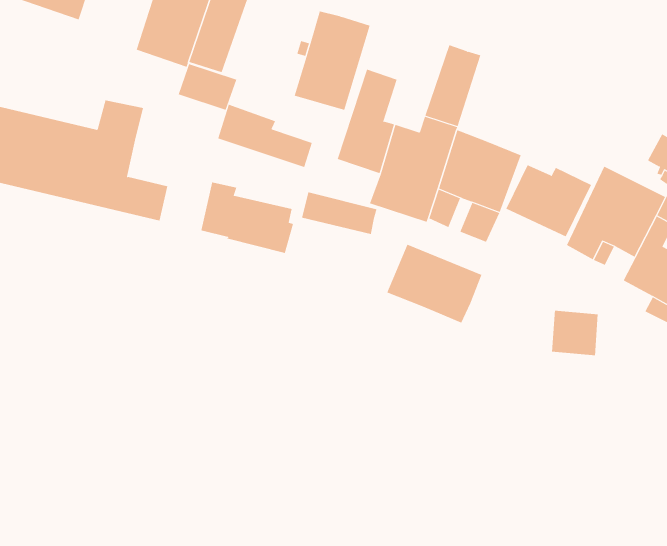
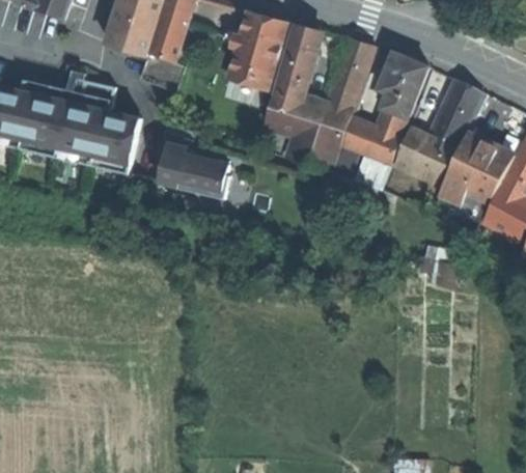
building: none -> [284,23,319,63]
building: none -> [378,51,427,121]
building: none -> [430,79,481,144]
building: [218,104,312,168] -> none
building: none -> [101,110,139,145]
building: [302,192,377,235] -> none
building: [386,244,482,324] -> none

